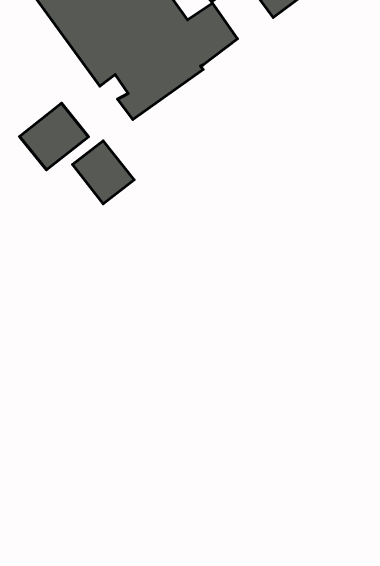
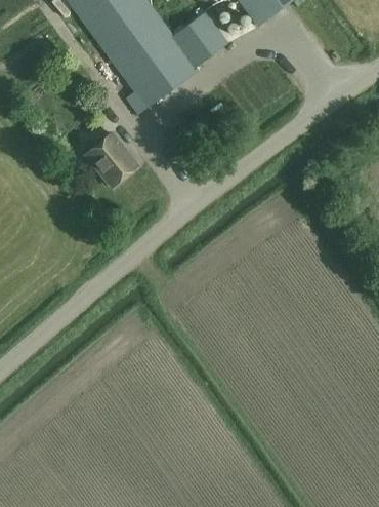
building: [19,103,88,170] -> none

